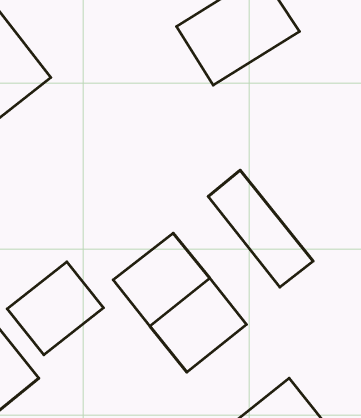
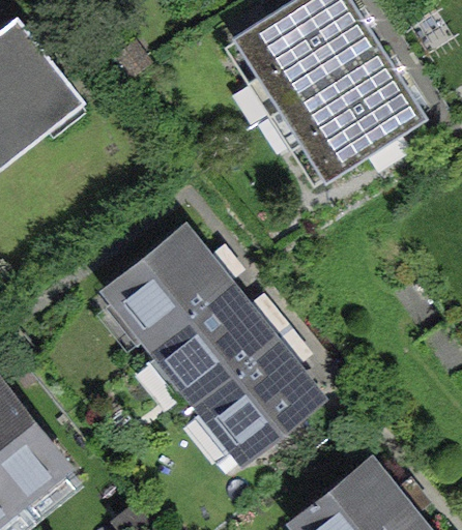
building: none -> [278,45,427,181]
building: [208,170,313,287] -> none
building: [7,262,104,355] -> [112,233,229,346]

